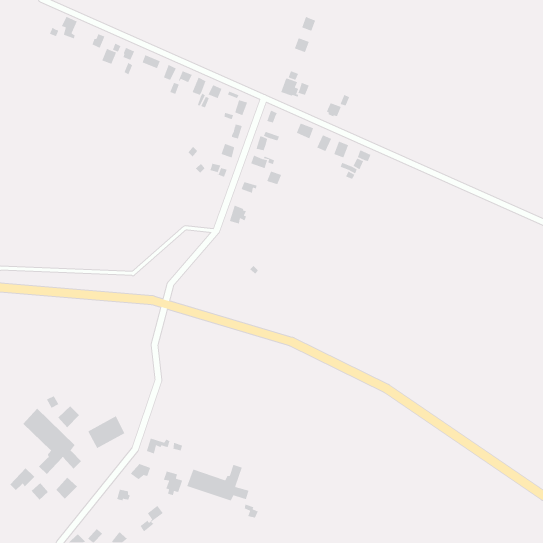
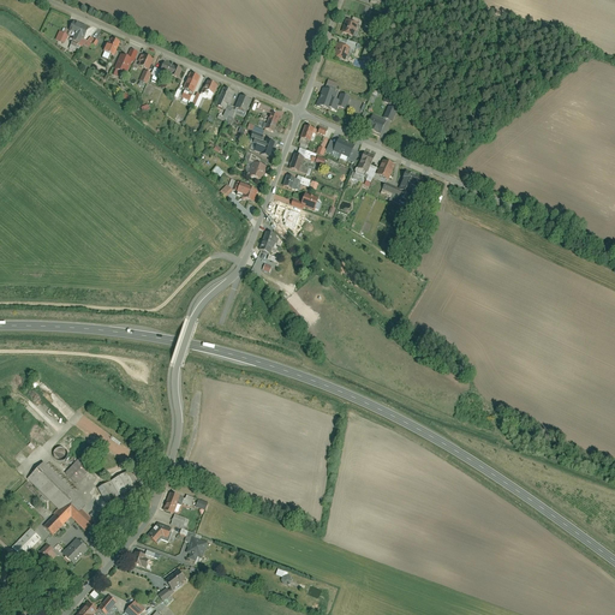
building: [186,464,250,501] -> none

